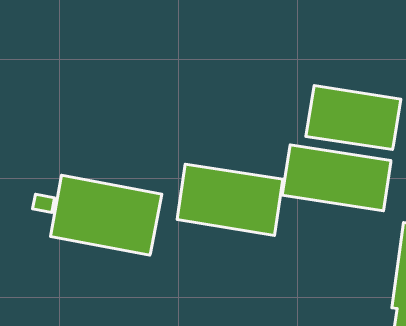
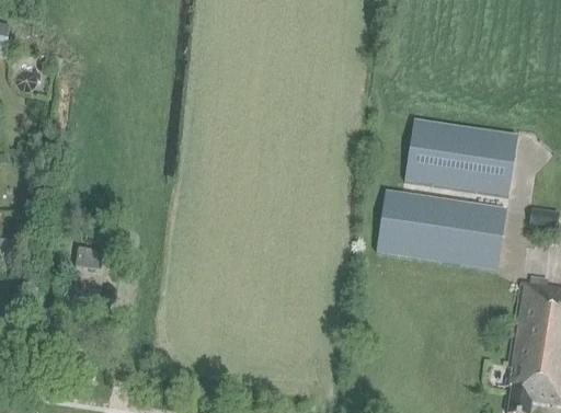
building: [177,164,283,235] -> none
building: [50,175,162,255] -> none

